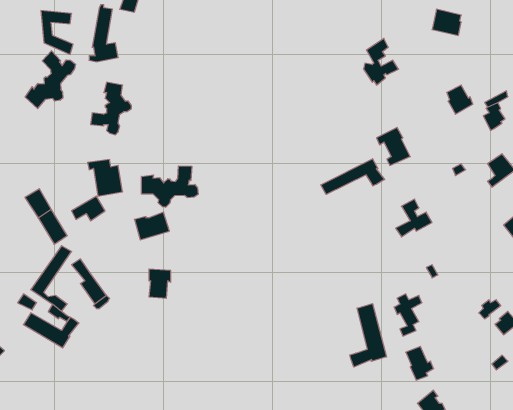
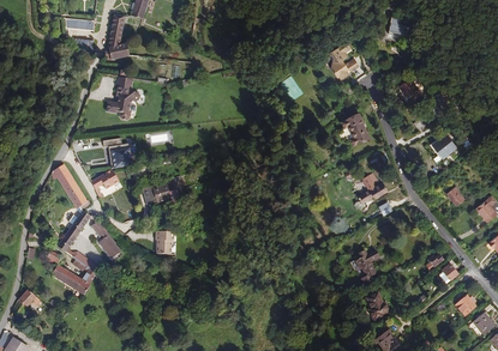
building: [25,51,75,109] -> none
building: [321,159,385,194] -> none
building: [142,166,198,207] -> none
building: [350,304,387,367] -> none

